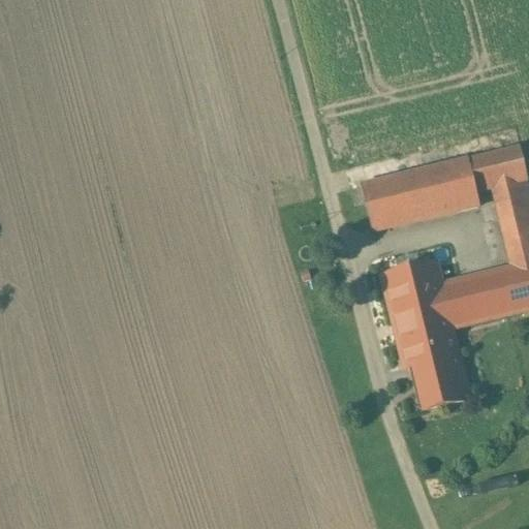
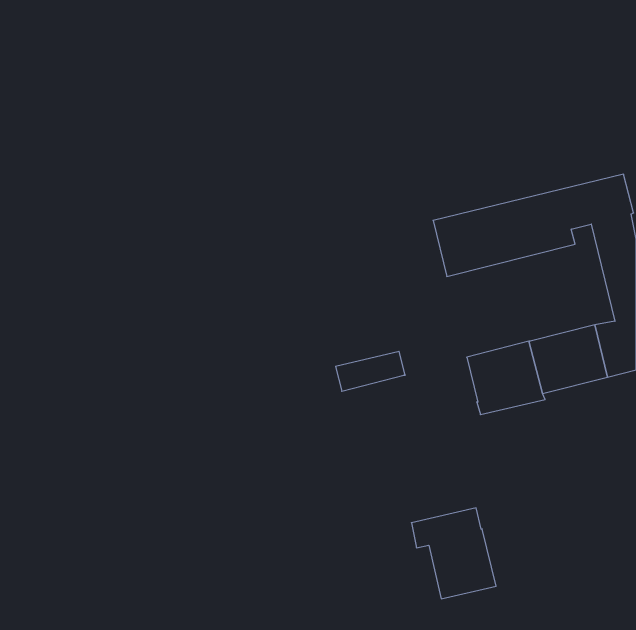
building: [382,263,440,297] -> [336,351,405,391]
building: [399,332,469,407] -> [411,508,496,599]

